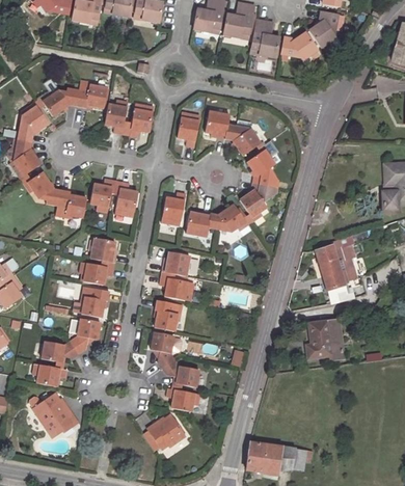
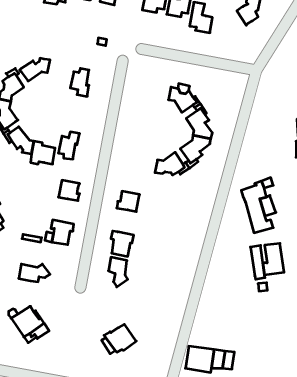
building: [281,33,318,60] -> none
building: [77,81,107,108] -> none
building: [126,104,153,137] -> none
building: [206,111,230,139] -> none
building: [178,113,199,147] -> none
building: [113,181,137,216] -> none
building: [162,192,186,225] -> none
building: [186,212,212,237] -> none
building: [80,261,114,285] -> none
building: [160,272,193,299] -> none
building: [71,318,101,353] -> none
building: [305,320,331,358] -> [263,243,284,275]
building: [162,359,199,387] -> none
building: [33,363,66,386] -> none
building: [167,388,200,411] -> none

